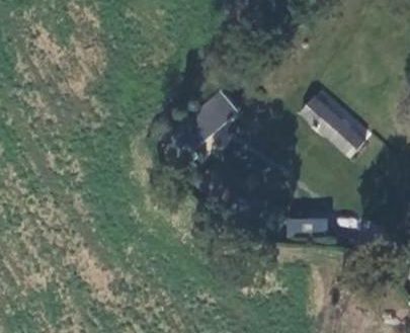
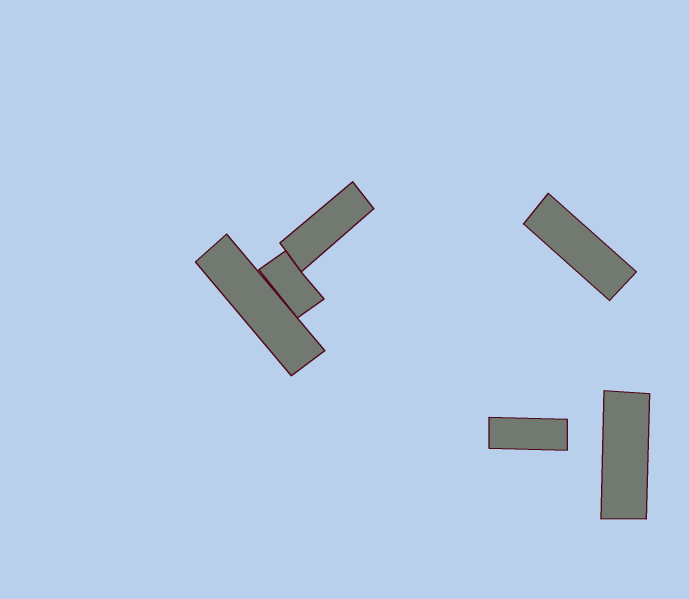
building: none -> [196,234,325,376]
building: none -> [601,391,649,519]

